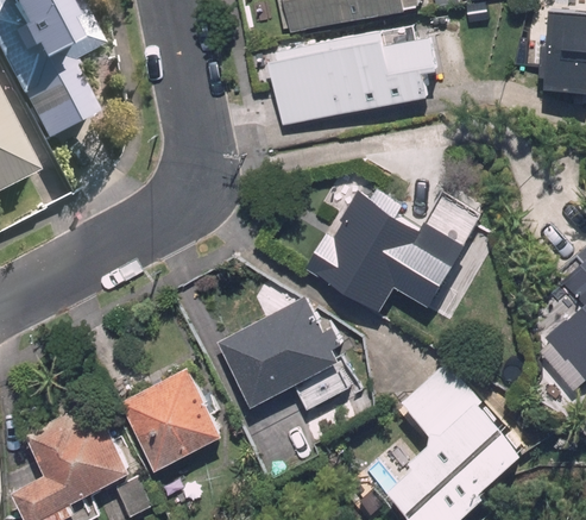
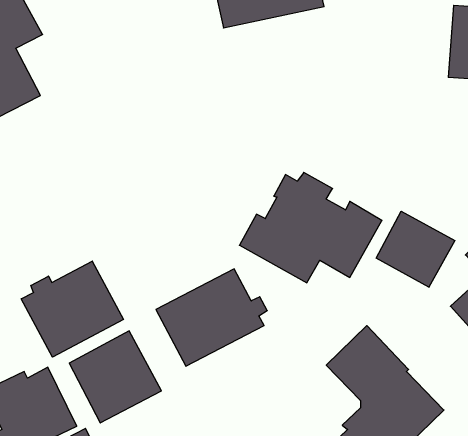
building: [272,13,441,111] -> none
building: none -> [376,211,455,287]
building: none -> [21,261,123,357]

